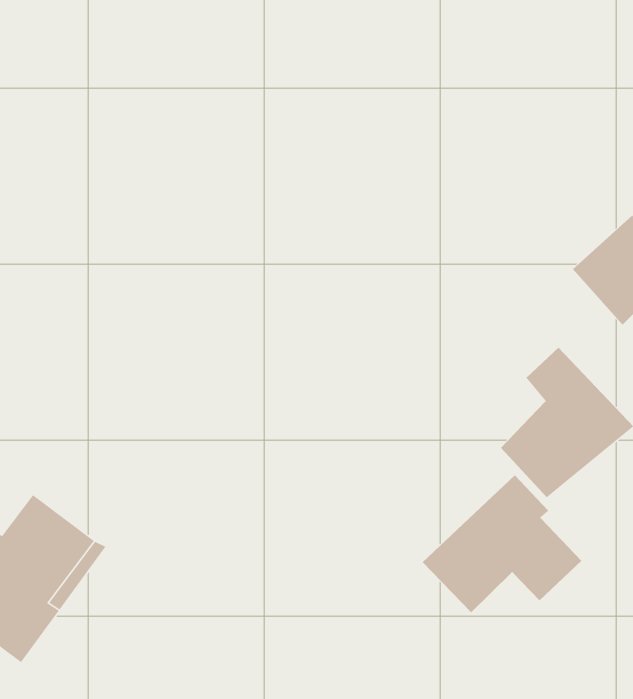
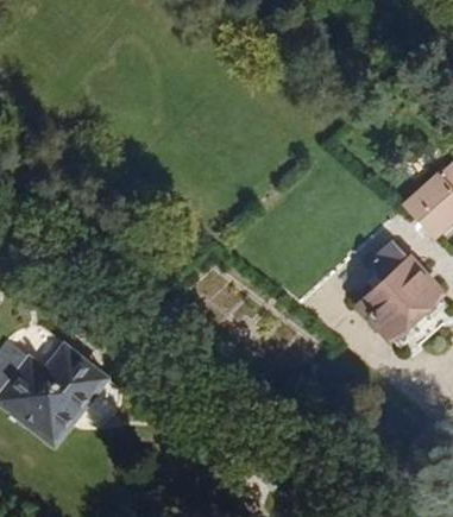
building: [422,474,582,613] -> none

